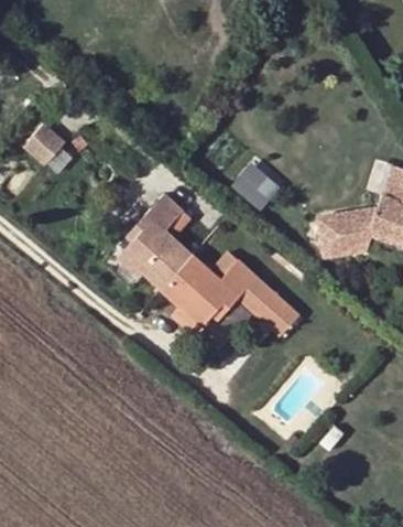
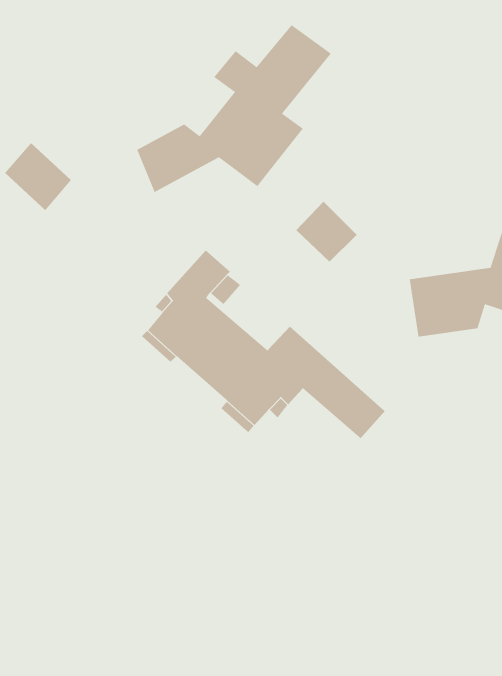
building: none -> [136,24,332,193]

